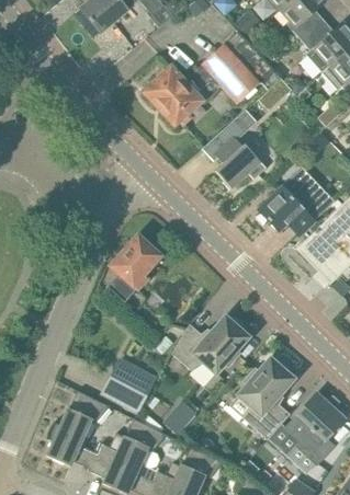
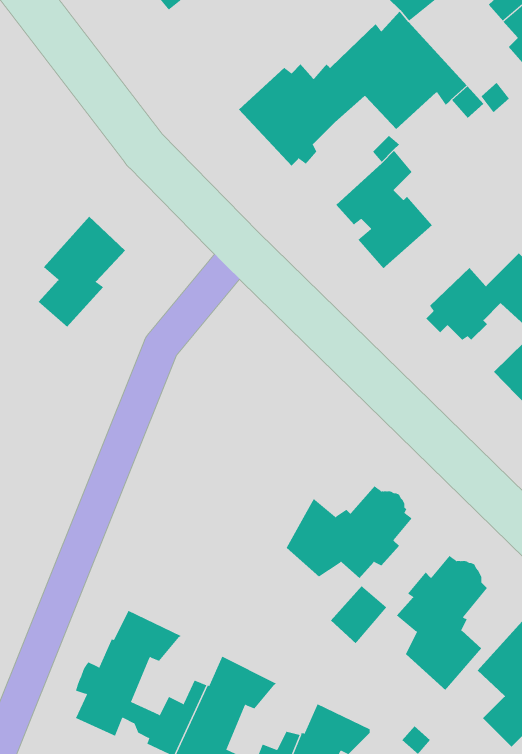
building: [108,235,160,302] -> [38,216,126,328]
building: [100,357,158,415] -> none
building: [163,401,197,436] -> [330,586,387,644]

